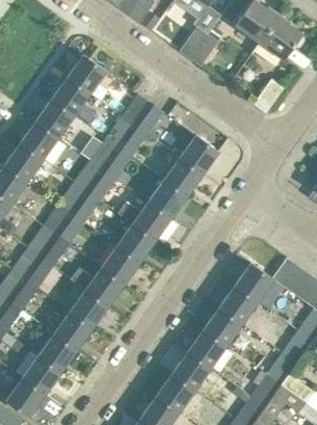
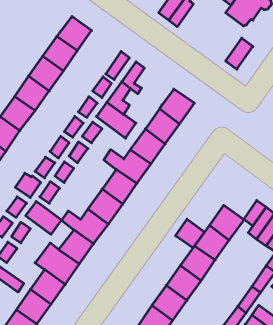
building: none -> [176,219,205,248]

